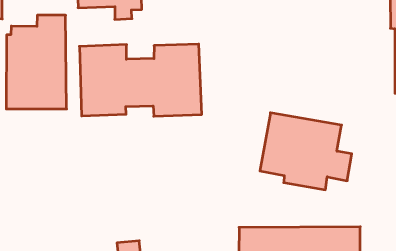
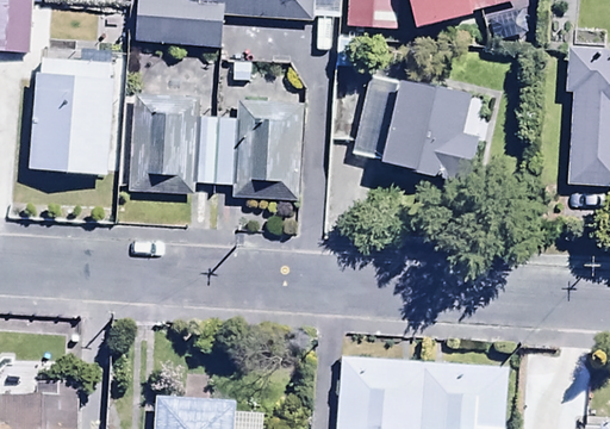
building: [260,113,352,190] -> [351,73,480,184]

